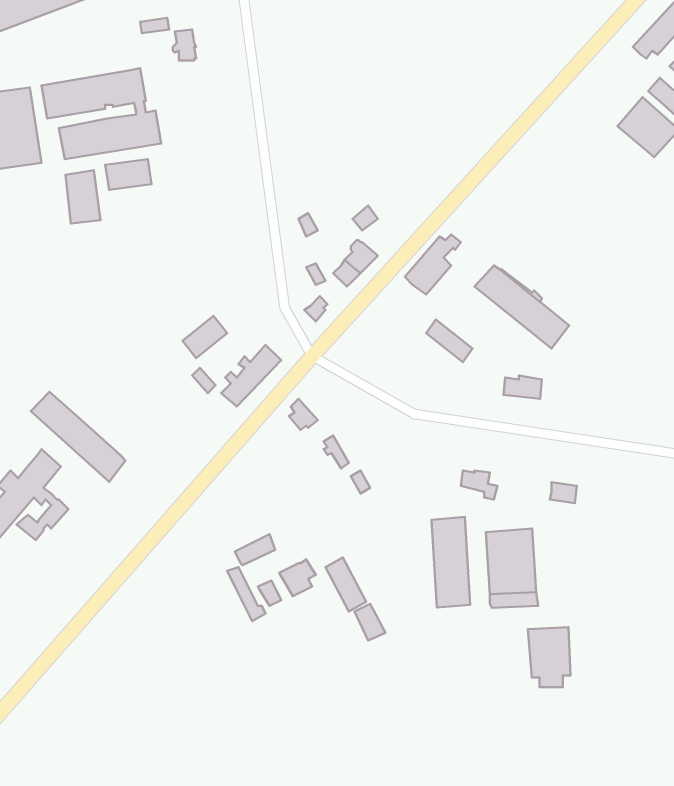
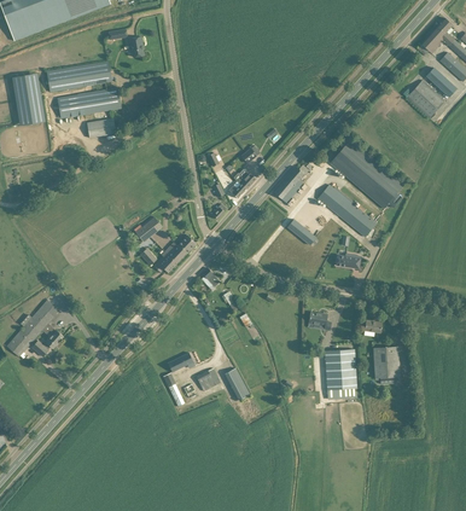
building: [65,170,101,224] -> none
building: none -> [330,140,403,208]
building: [31,392,125,482] -> none
building: [431,517,470,608] -> none
building: [528,627,571,687] -> [372,345,398,383]

